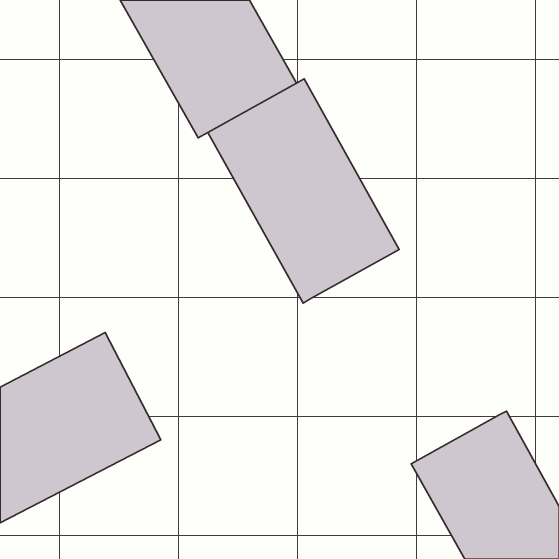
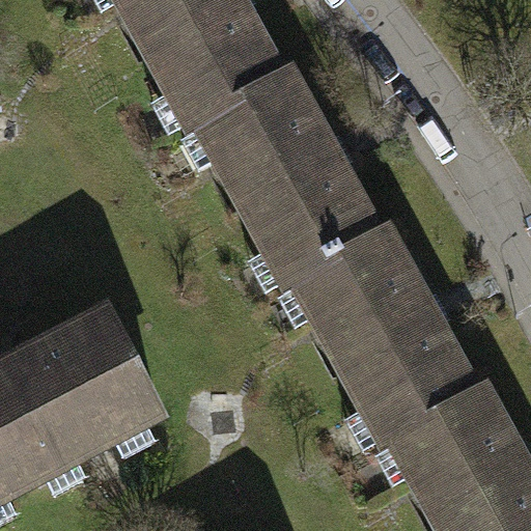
building: none -> [295,233,474,444]

